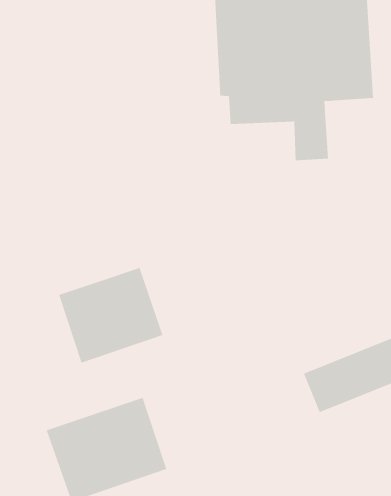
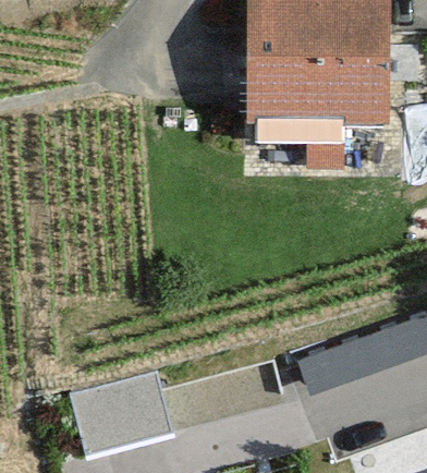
building: [58,267,163,363] -> none

